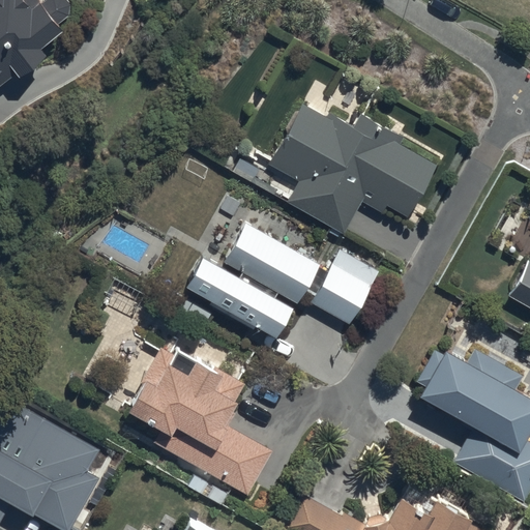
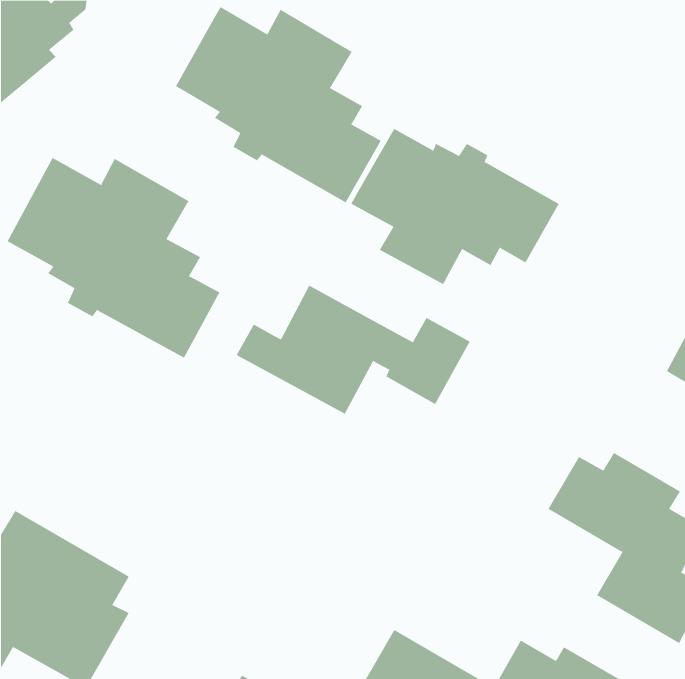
building: none -> [175,6,381,203]
building: none -> [7,157,220,358]
building: [139,357,265,492] -> none

